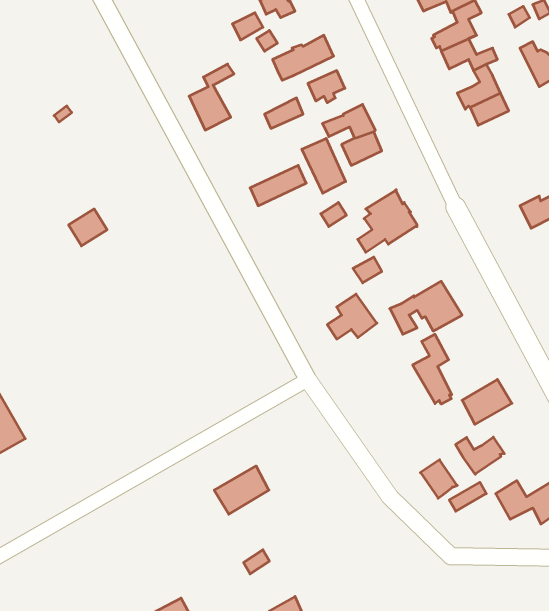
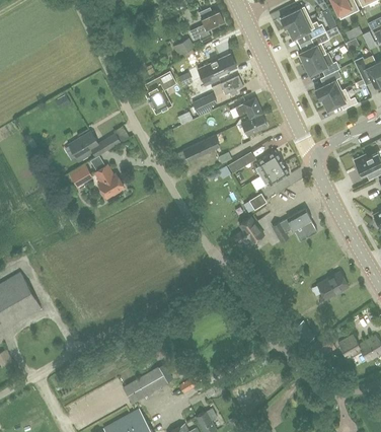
building: [302,138,346,193] -> none
building: none -> [68,131,120,161]
building: none -> [94,165,124,198]
building: [413,334,452,404] -> none
building: [456,437,504,474] -> none
building: [214,466,269,514] -> [133,367,167,398]

